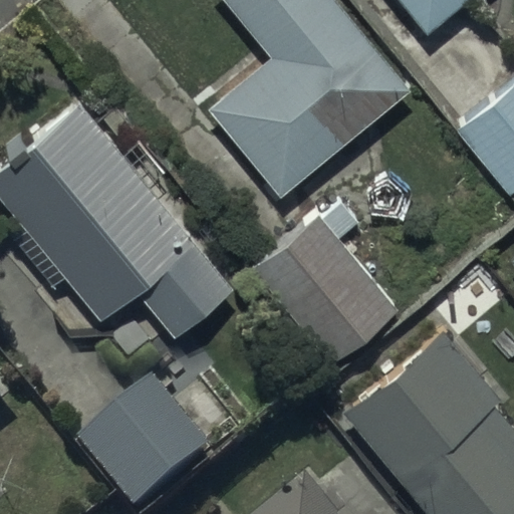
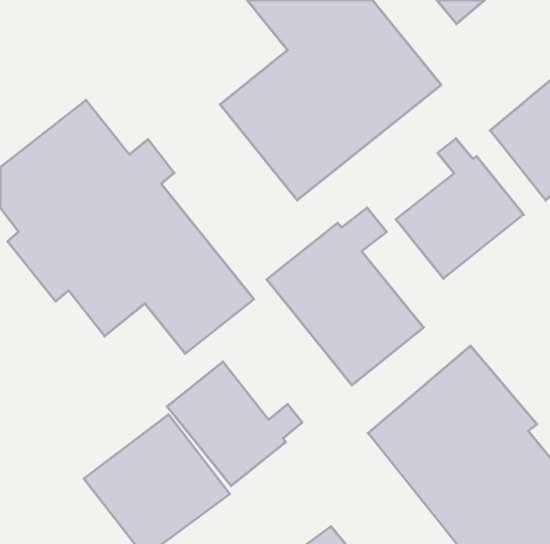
building: none -> [396,138,524,279]
building: none -> [167,362,302,486]

